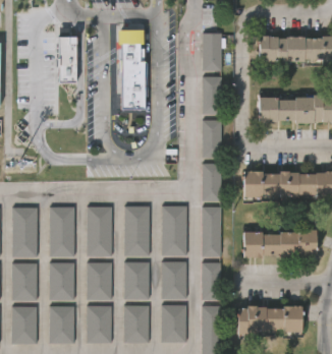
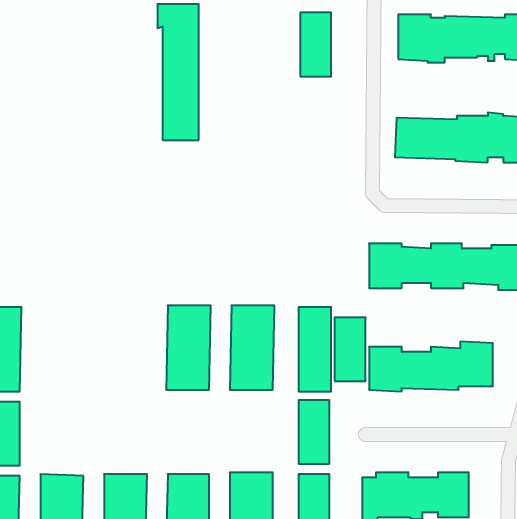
building: [58,34,77,81] -> none
building: [203,76,221,115] -> none
building: [202,120,220,158] -> none
building: [203,164,221,201] -> [335,317,366,381]
building: [49,208,74,257] -> none
building: [87,208,112,257] -> none
building: [87,262,112,300] -> none
building: [123,262,149,300] -> none
building: [162,262,187,300] -> none
building: [49,263,74,301] -> none

